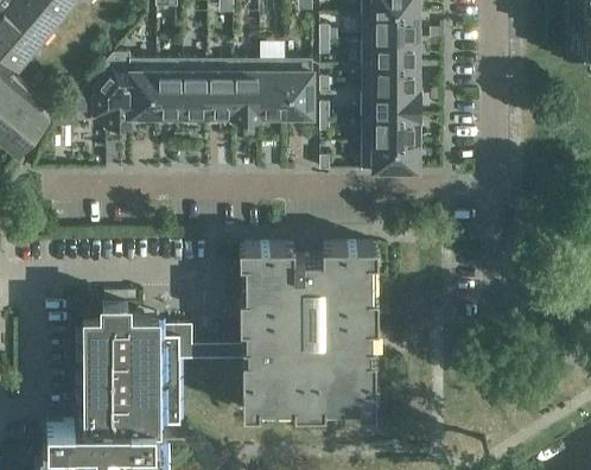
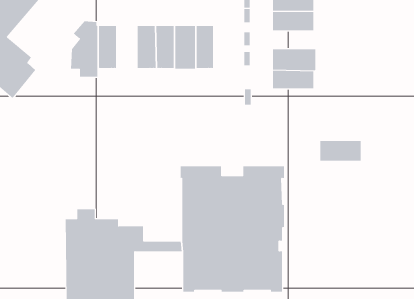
building: [155,61,182,118] -> none
building: [284,61,311,118] -> none
building: [361,68,417,91] -> none
building: [361,145,417,172] -> [319,141,362,161]

